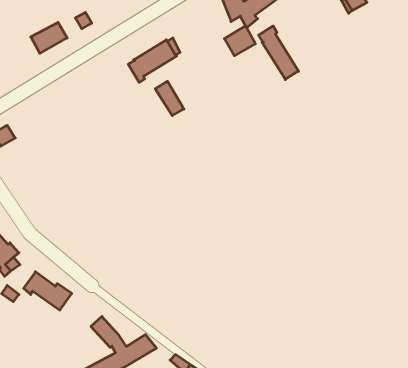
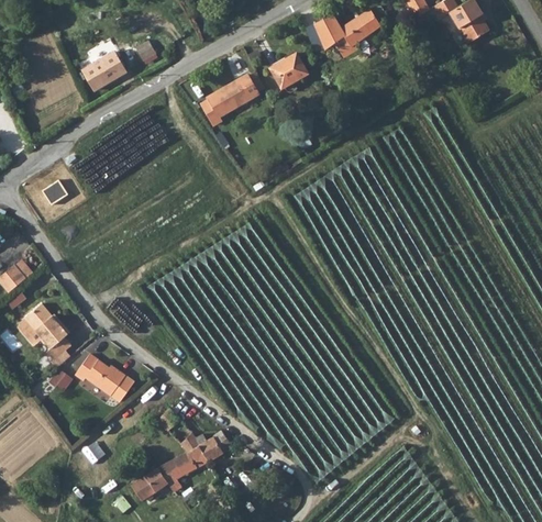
building: [224,26,255,56] -> [270,52,308,88]
building: [259,26,299,80] -> none
building: [155,81,184,116] -> none

